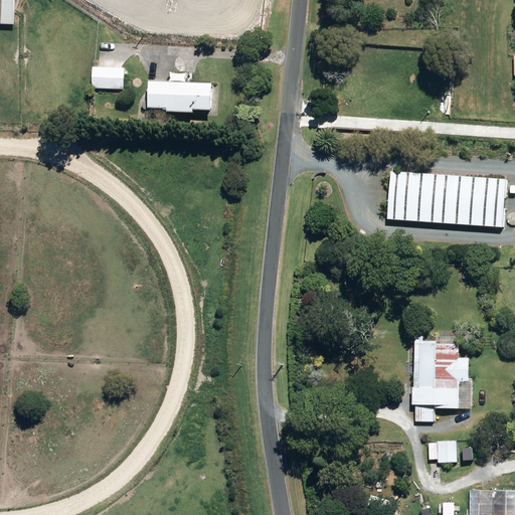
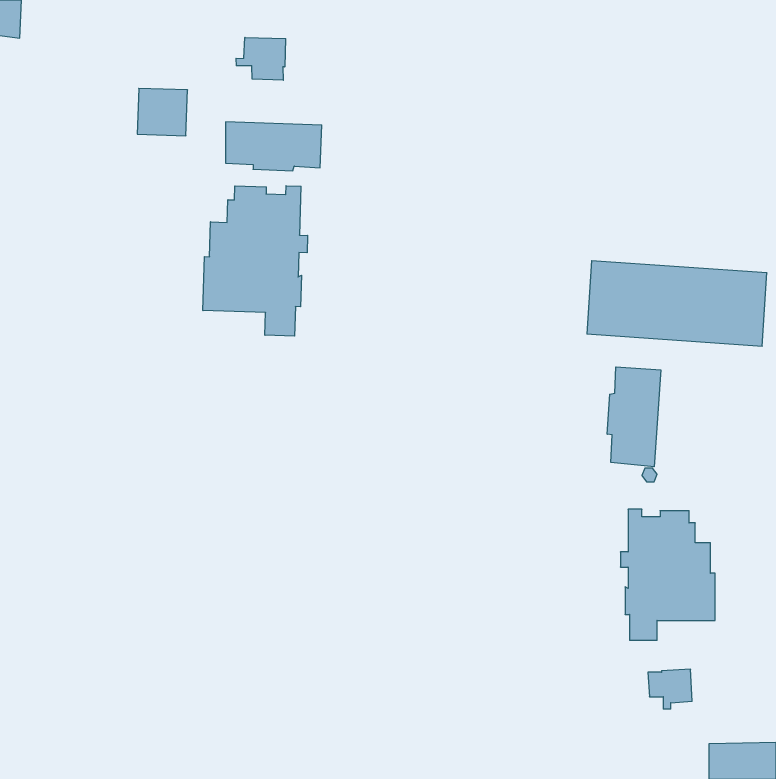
building: none -> [236,37,286,80]
building: none -> [203,186,308,336]
building: none -> [607,367,661,467]

